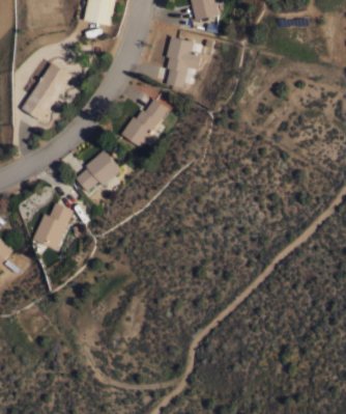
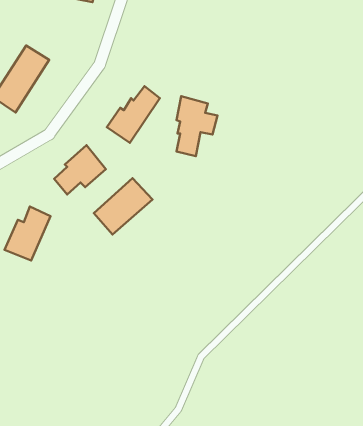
building: [166,36,201,88] -> [176,96,217,156]
building: none -> [94,178,152,234]

